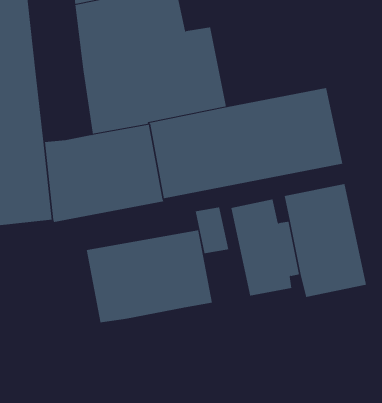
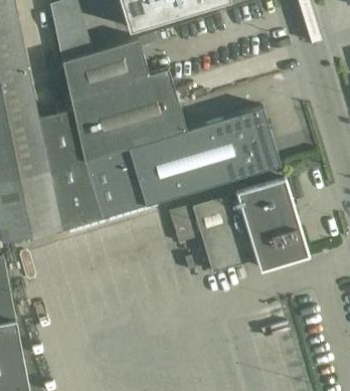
building: none -> [37,112,84,170]
building: [86,230,213,323] -> none

